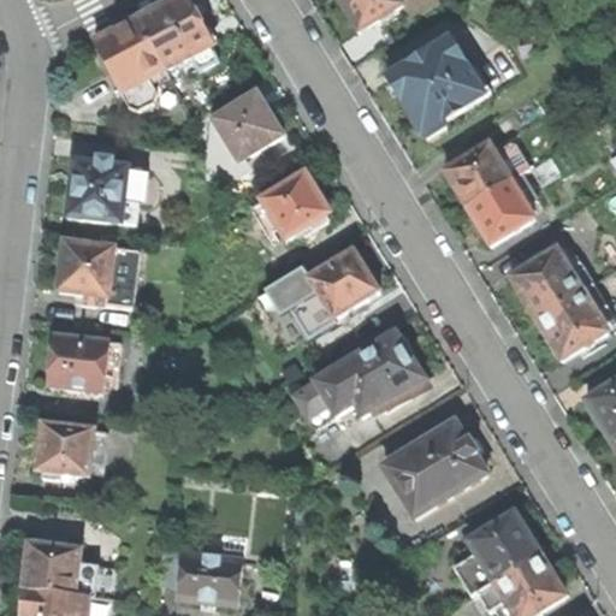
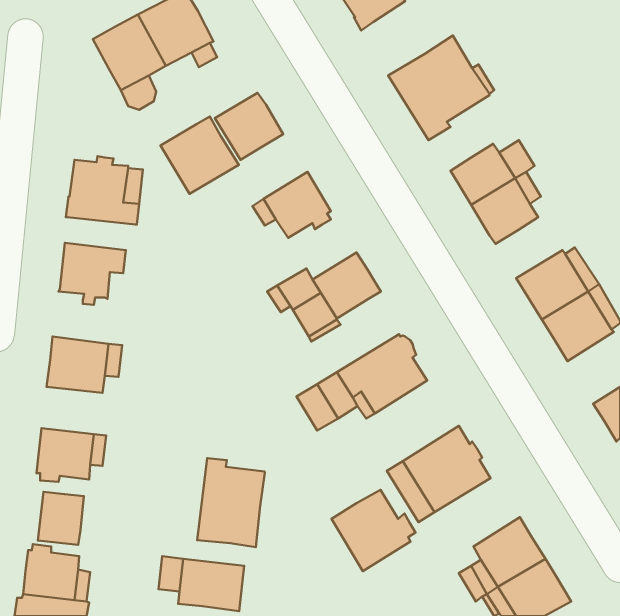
building: none -> [160,117,239,194]
building: [102,247,138,304] -> none
building: none -> [197,458,265,547]
building: none -> [331,490,416,571]
building: none -> [38,492,84,545]

